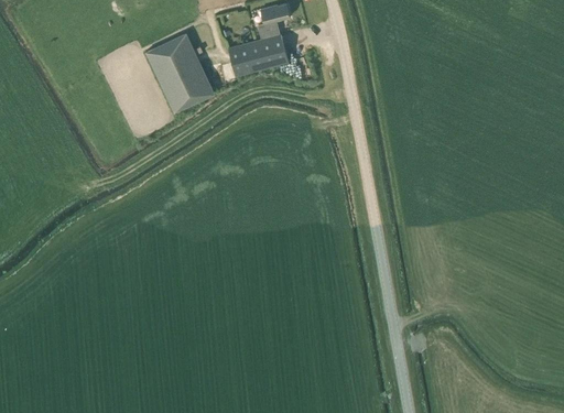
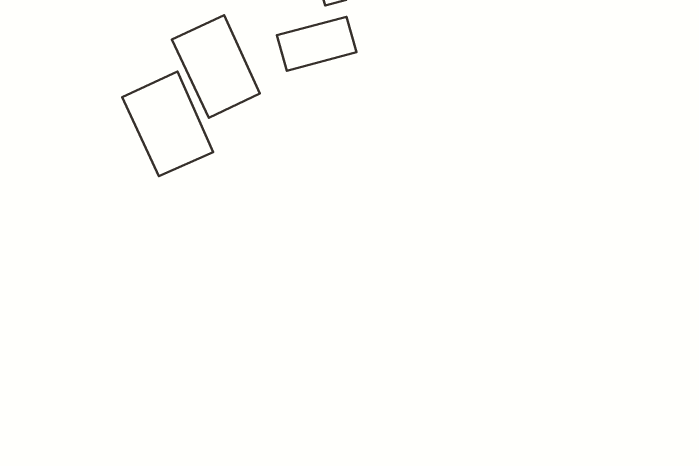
building: none -> [122,72,213,176]

